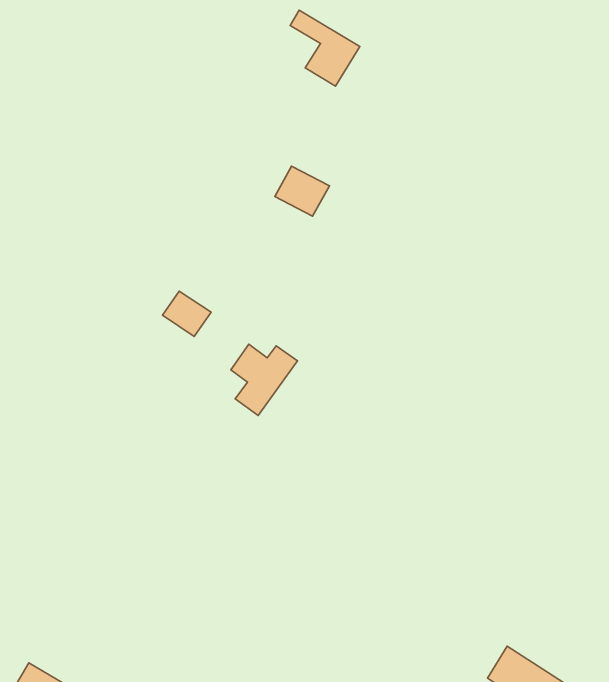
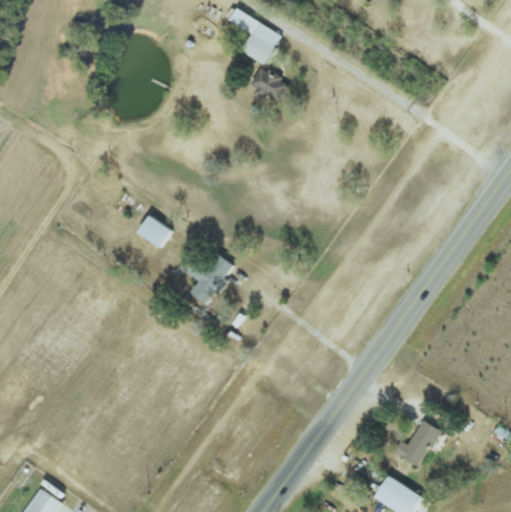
building: [275,166,329,216] -> [249,70,289,107]
building: none -> [394,420,439,465]

